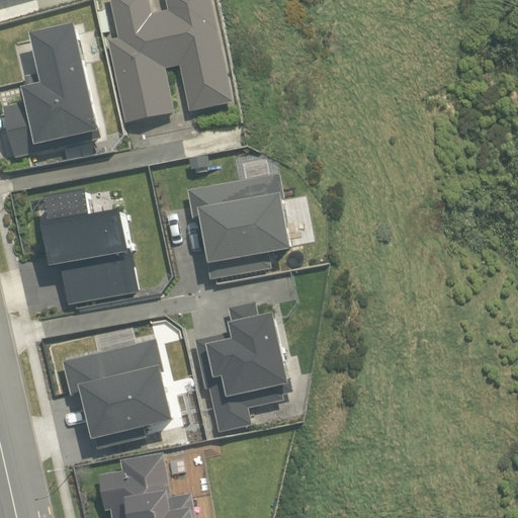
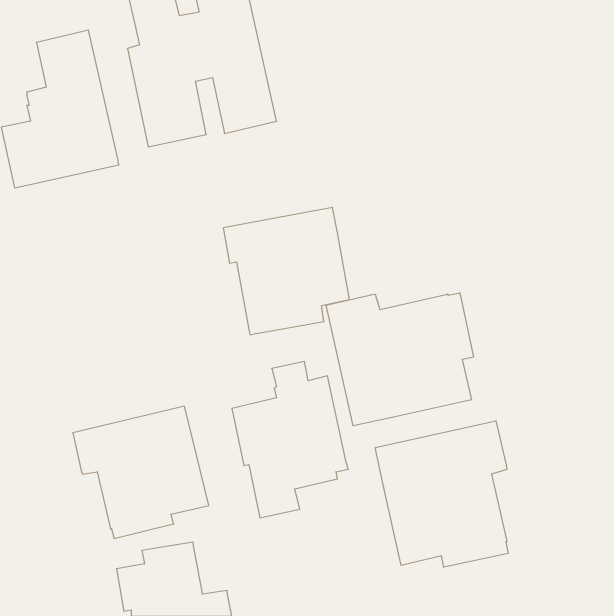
building: [42,189,138,305] -> none
building: none -> [326,293,474,426]
building: none -> [375,421,508,567]

